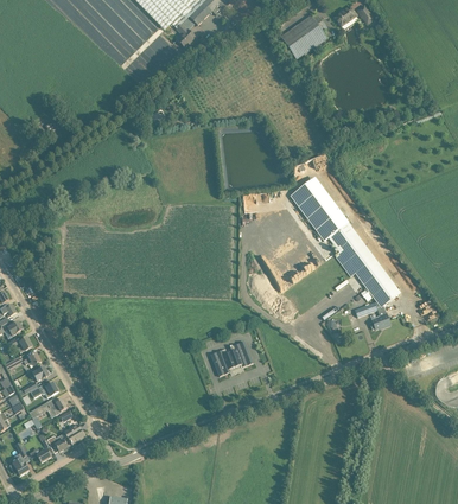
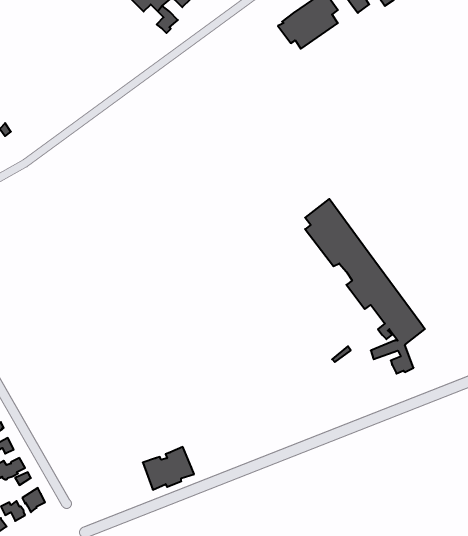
building: [210,339,253,375] -> [143,447,194,490]

